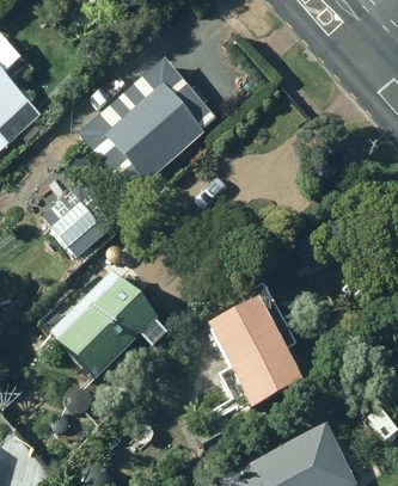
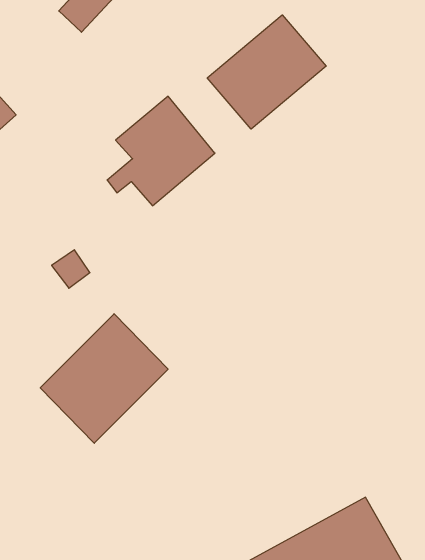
building: none -> [207,15,326,129]
building: [208,296,302,405] -> none

